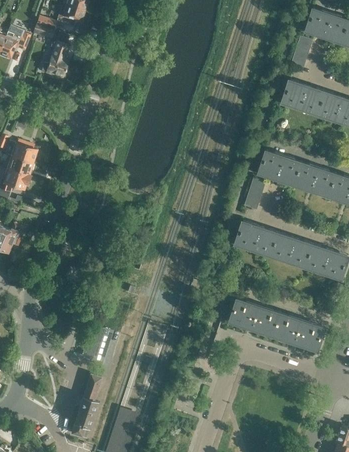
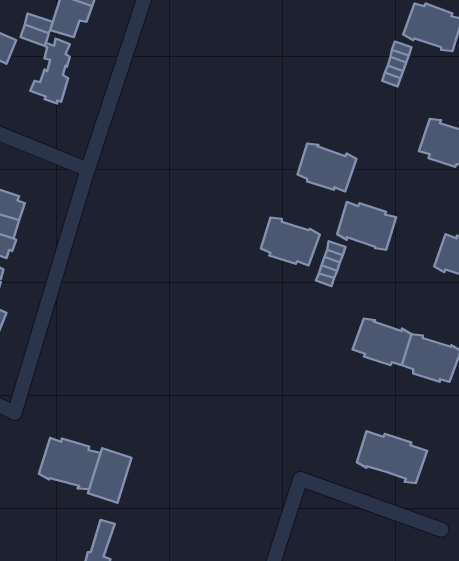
building: [283,80,325,114] -> [297,144,357,191]
building: [294,161,336,196] -> none
building: [236,221,278,255] -> [261,218,320,265]
building: [230,299,280,335] -> none
building: none -> [39,438,101,489]

